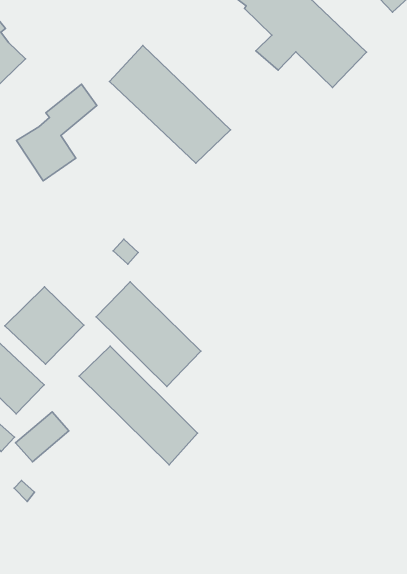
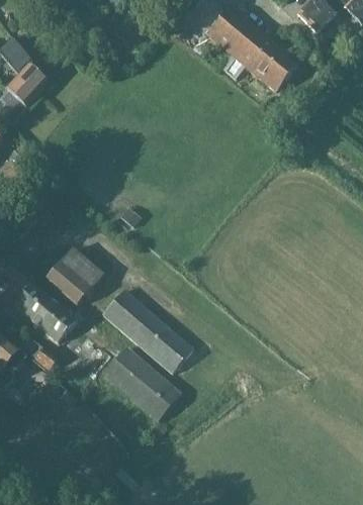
building: [110,46,231,163] -> none
building: [17,84,97,181] -> none
building: [96,282,201,386] -> [102,345,180,420]

